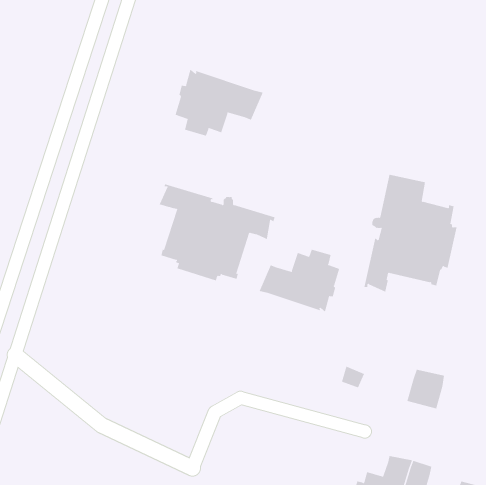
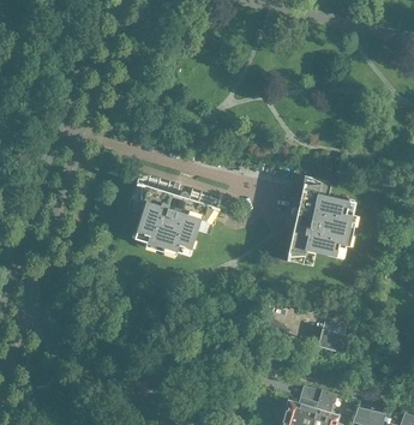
building: [175,69,264,137] -> none
building: [259,249,340,313] -> none

